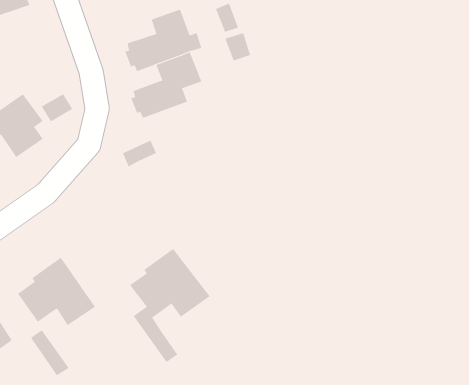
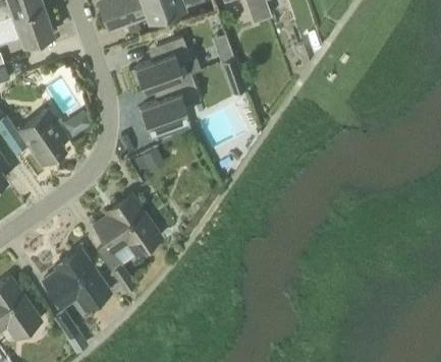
building: [129,248,210,363] -> [94,194,163,292]

